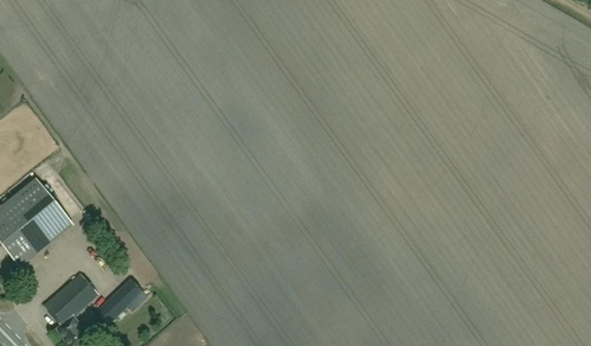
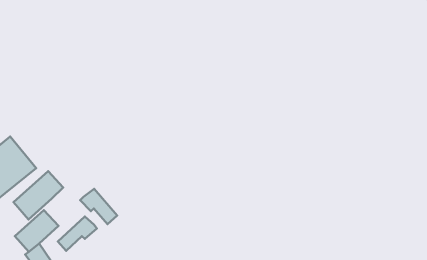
building: none -> [14,171,63,219]
building: none -> [80,189,117,224]

